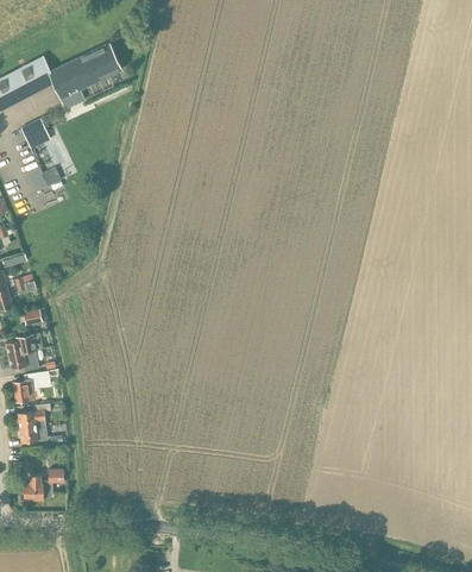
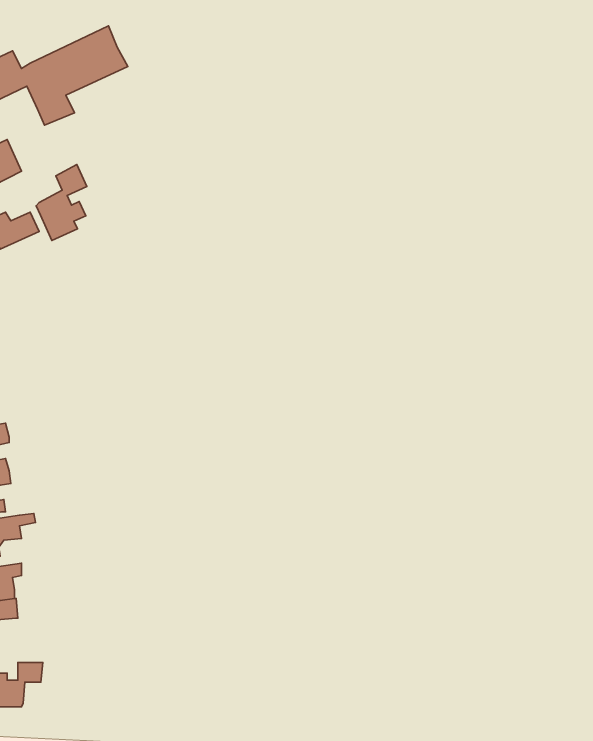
building: none -> [36,164,87,241]

